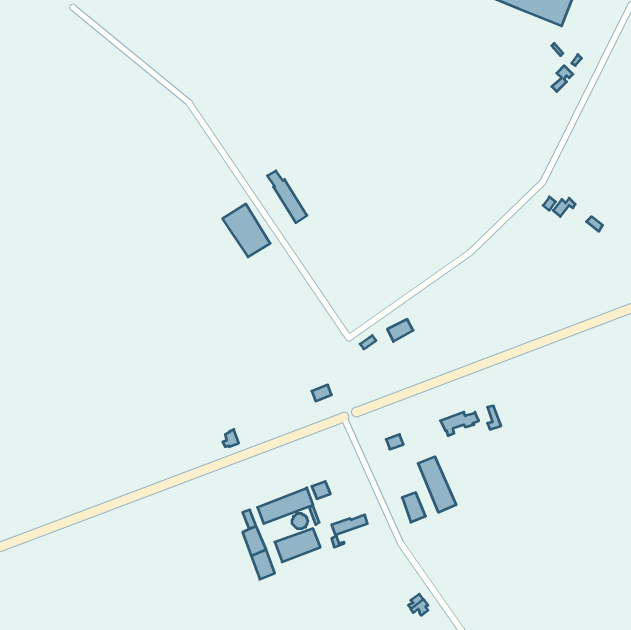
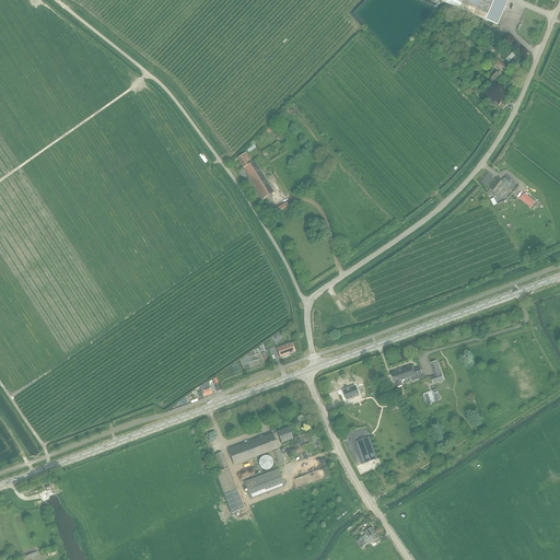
building: [223,204,270,257] -> none
building: [418,457,456,512] -> none

